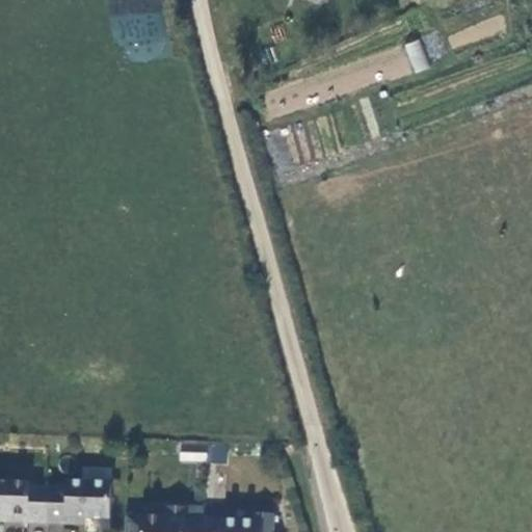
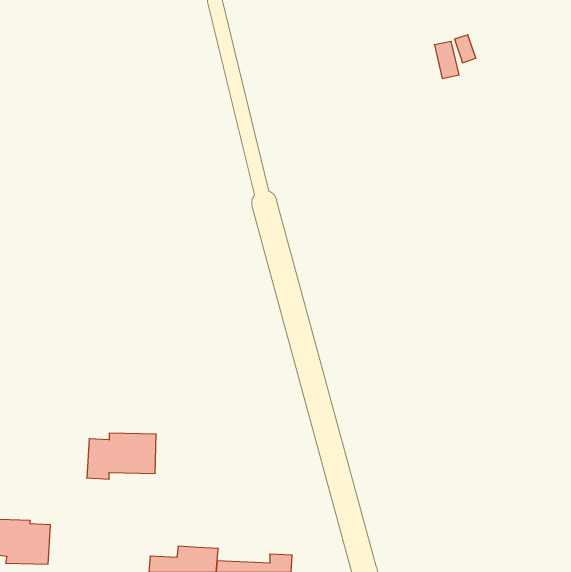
building: [45,482,109,525] -> [87,433,156,479]

